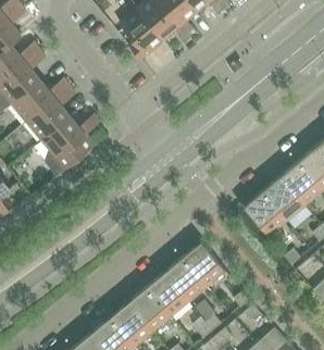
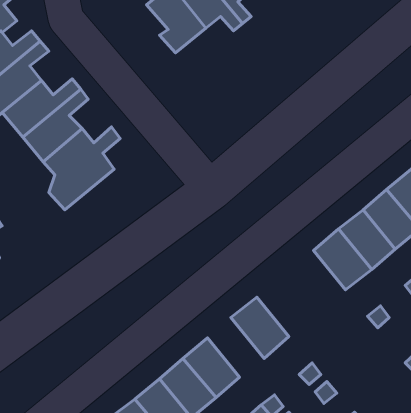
building: [164,257,207,301] -> none

